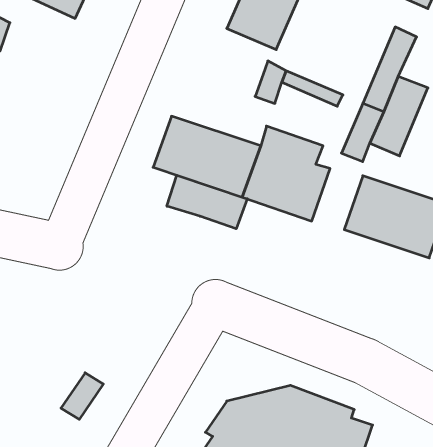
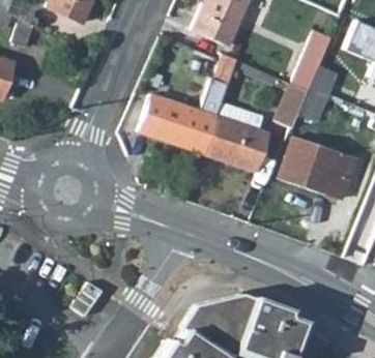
building: [167,175,247,229] -> none

